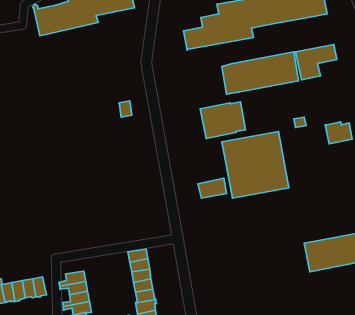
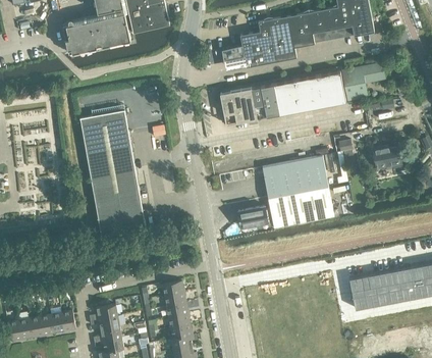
building: none -> [79,107,145,238]
building: [200,102,245,138] -> [219,88,267,126]

